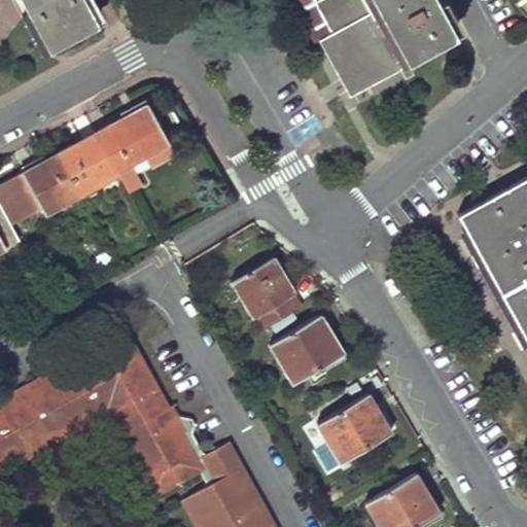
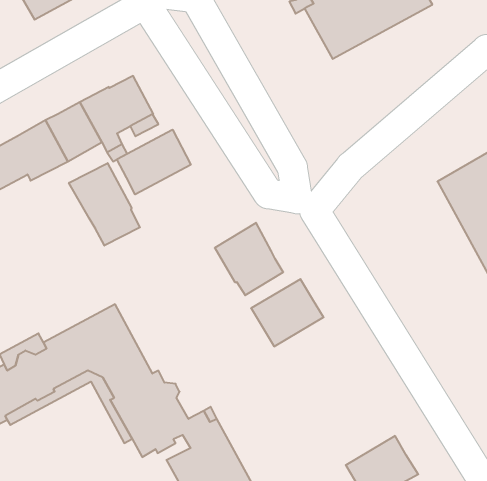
building: none -> [117,130,191,194]
building: none -> [69,163,140,246]
building: [319,396,393,463] -> none

